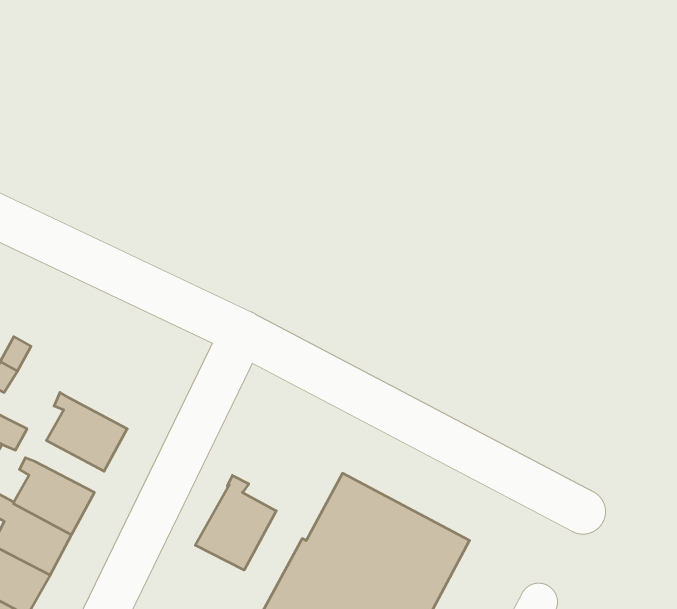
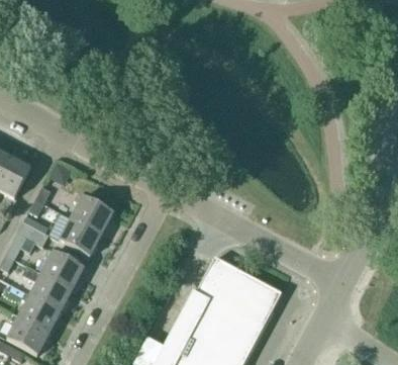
building: none -> [71,193,113,234]
building: [195,475,276,570] -> none

